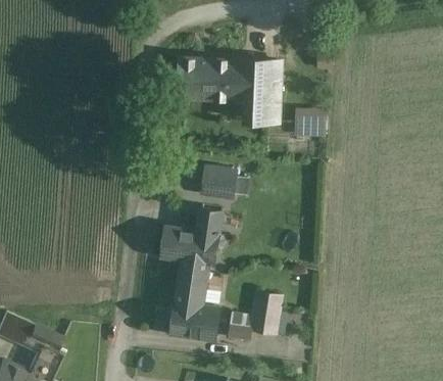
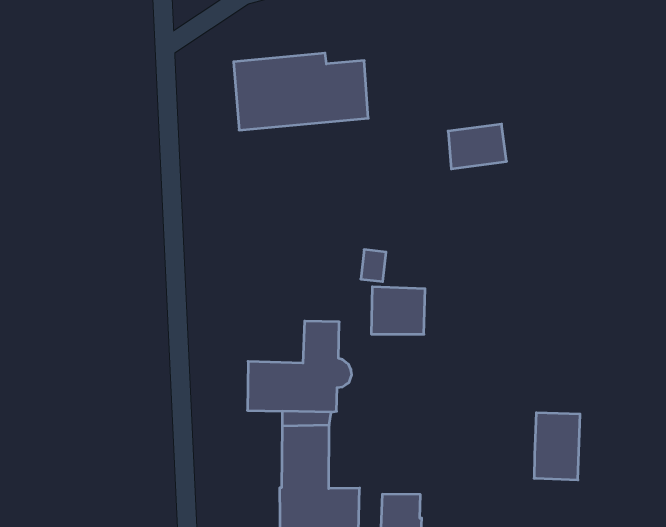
building: [250,60,280,122] -> none
building: [200,168,234,198] -> [371,287,425,334]
building: [249,293,280,334] -> [534,413,580,480]

